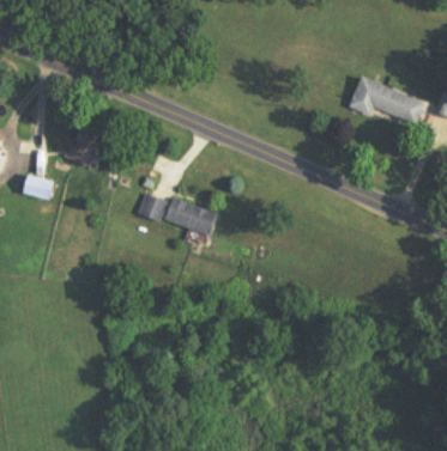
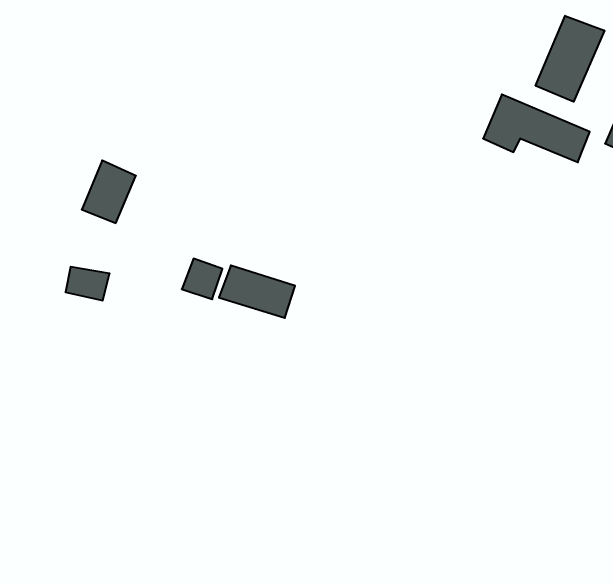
building: none -> [536,16,604,102]
building: [22,175,53,199] -> [65,267,110,301]

